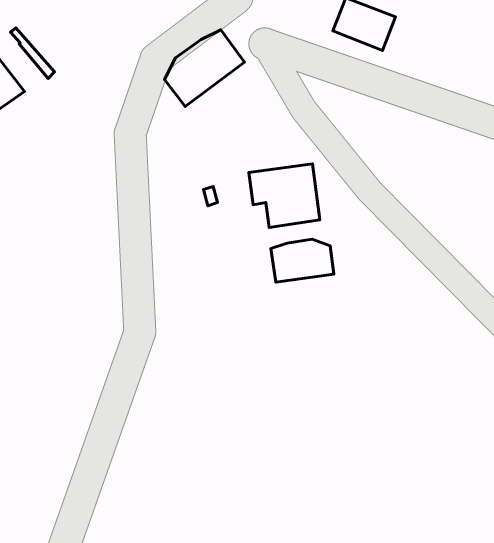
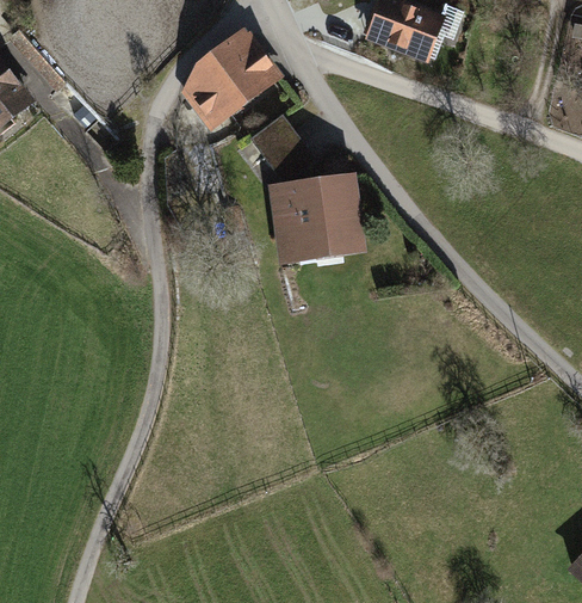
building: none -> [261,131,311,181]
building: [271,239,334,282] -> none

